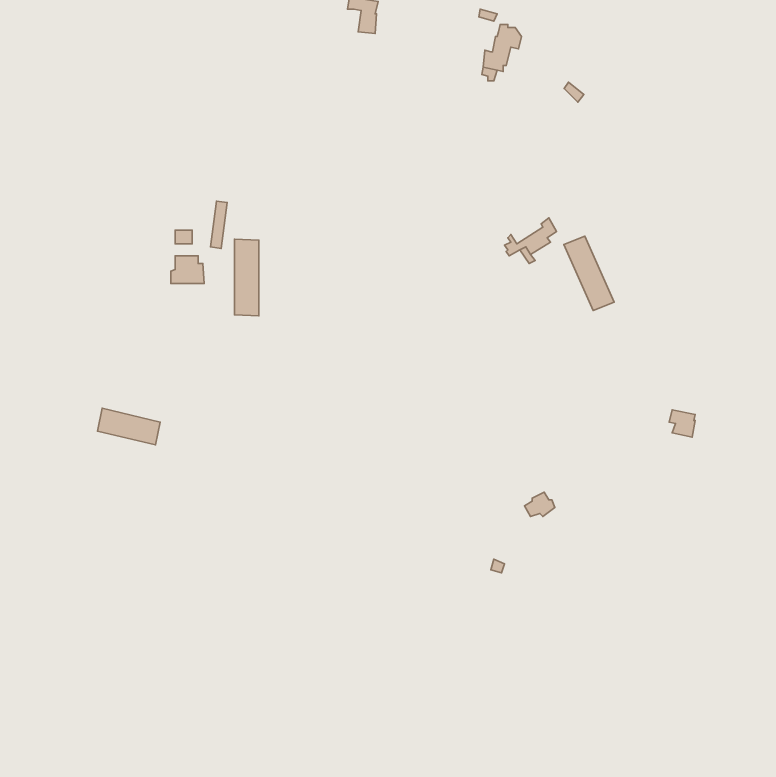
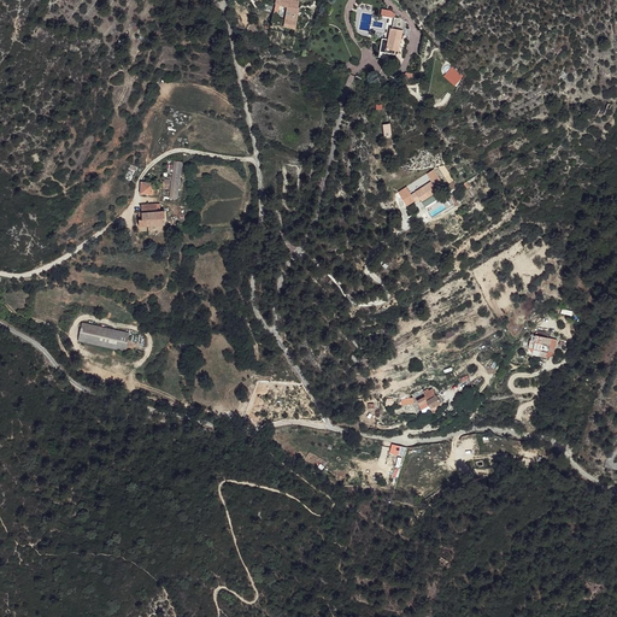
building: [564,236,614,310] -> none
building: [234,239,259,316] -> none

